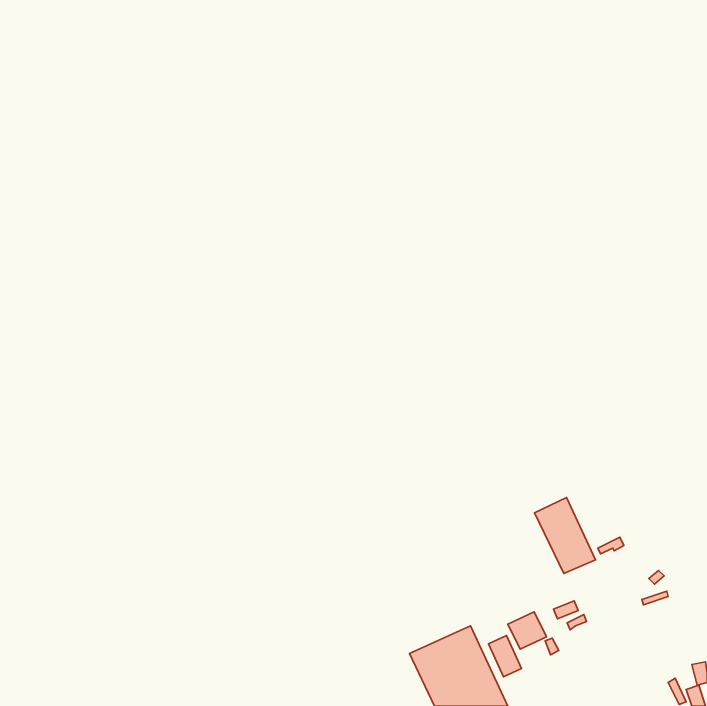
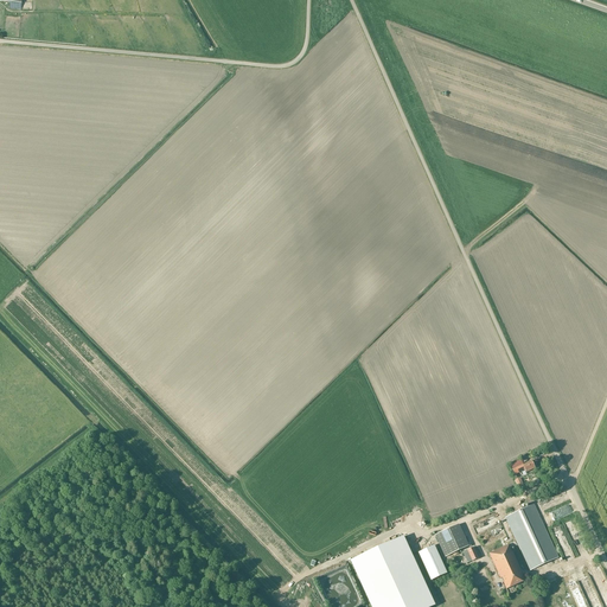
building: [535,498,596,574] -> [505,504,557,569]
building: none -> [488,543,525,588]

